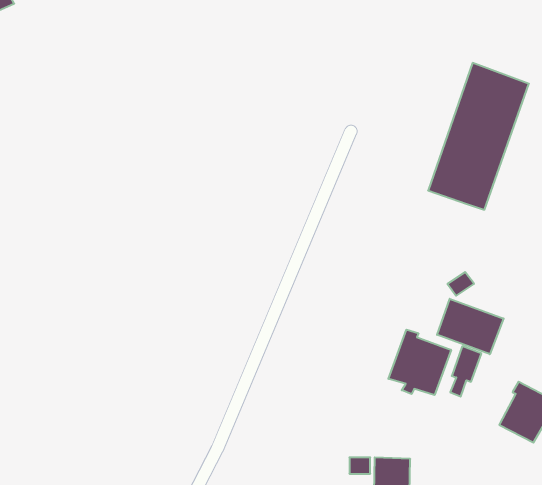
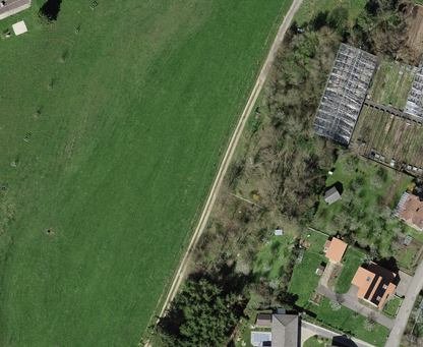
building: [437,299,504,354] -> none
building: [388,330,451,395] -> none

